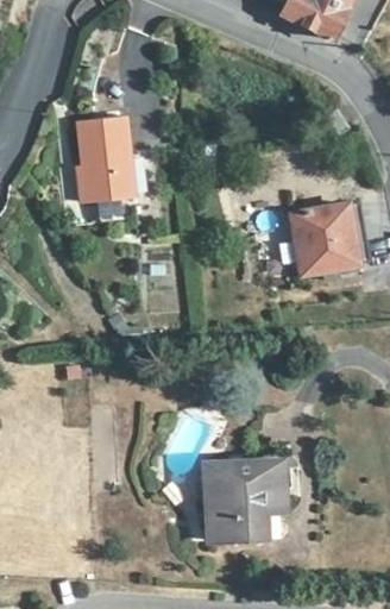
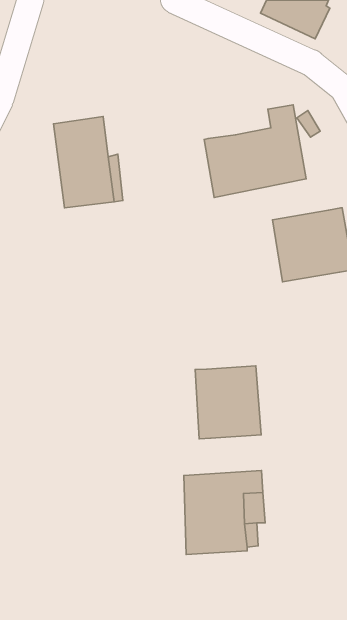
building: none -> [204,105,306,197]
building: none -> [195,366,261,439]

